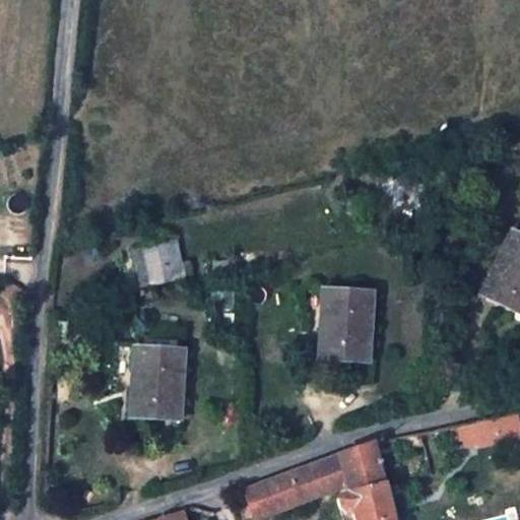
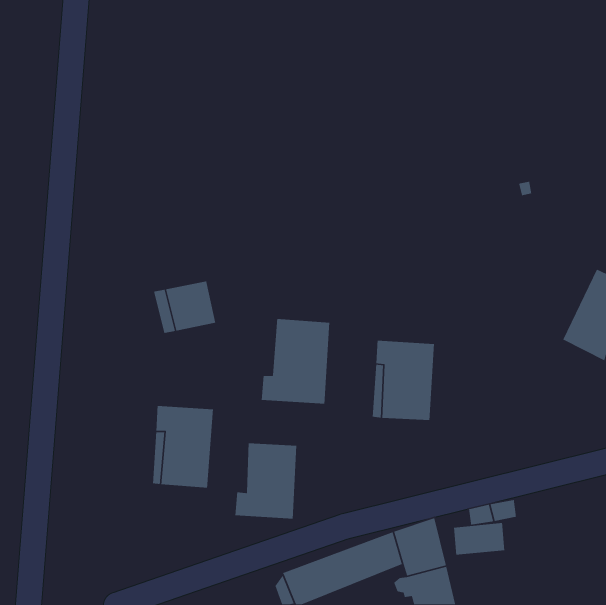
building: none -> [261,318,330,405]
building: none -> [235,443,297,519]
building: [468,417,513,446] -> [453,522,505,556]

